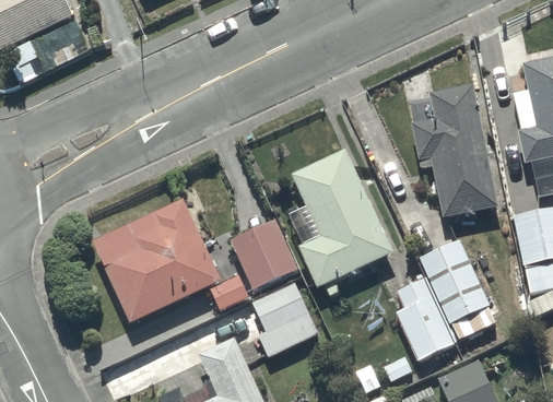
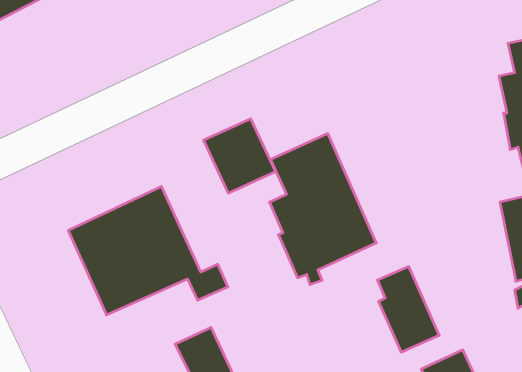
building: [411,84,498,217] -> none
building: [230,217,299,289] -> [204,119,275,193]
building: [419,238,495,338] -> none
building: [250,281,319,356] -> none

